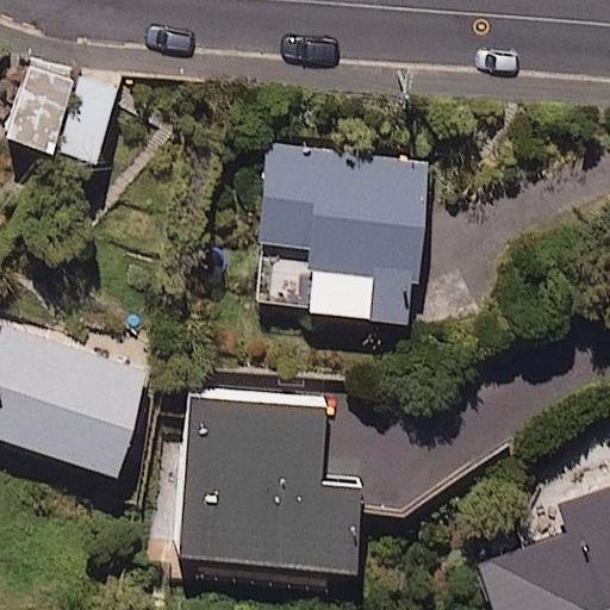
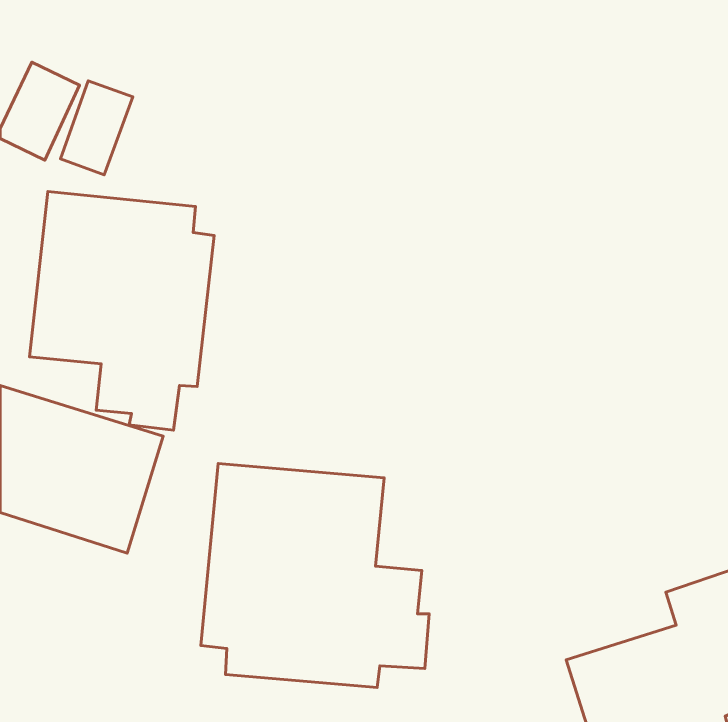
building: [260,154,428,315] -> none
building: none -> [30,191,214,430]

